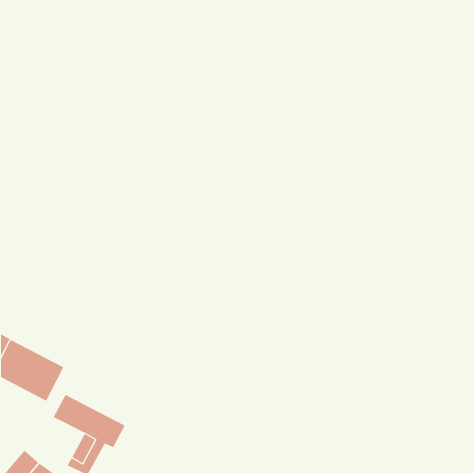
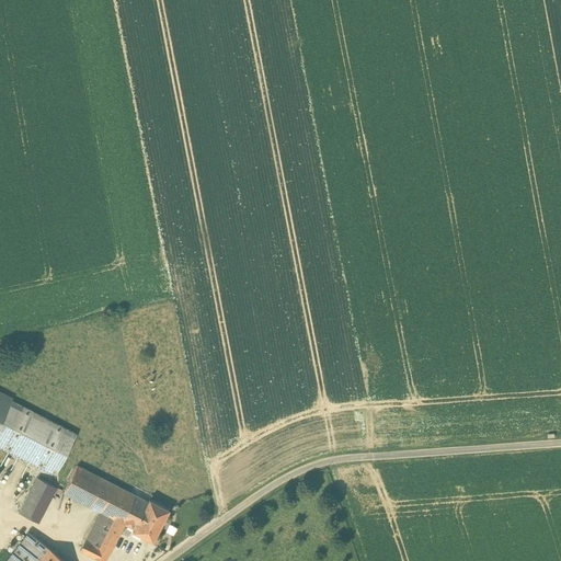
building: none -> [20,479,58,524]
building: none -> [134,501,170,543]

